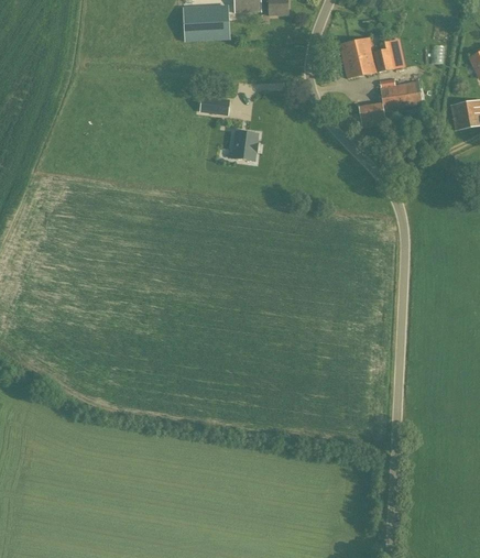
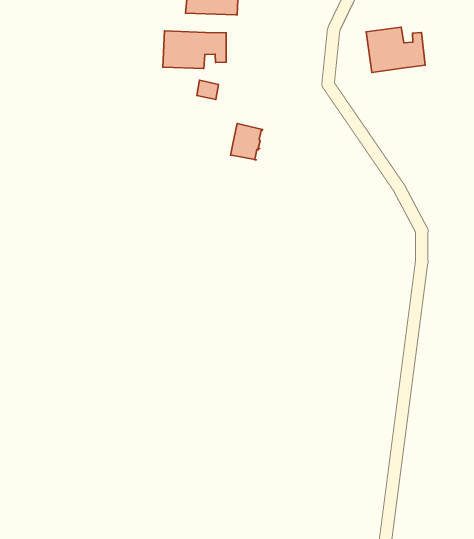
building: none -> [163,31,226,69]
building: [359,78,423,127] -> none

